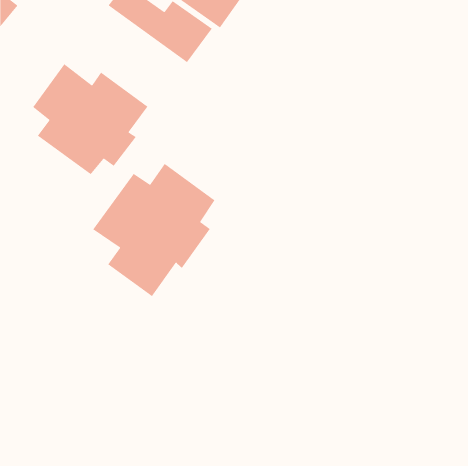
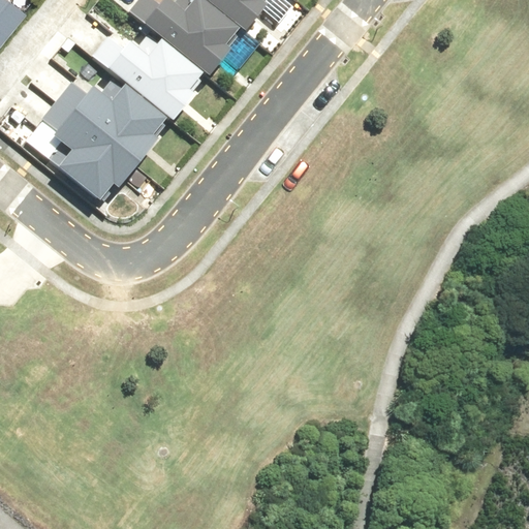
building: none -> [91,28,201,122]
building: [92,163,216,297] -> none

